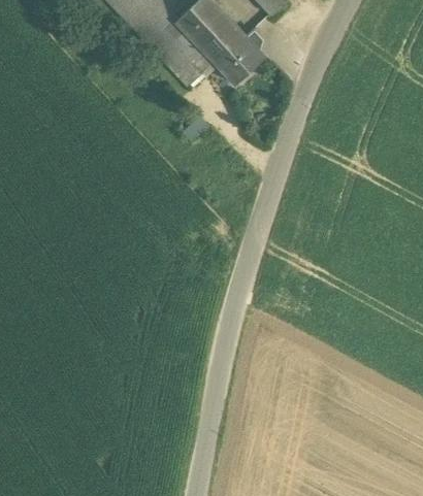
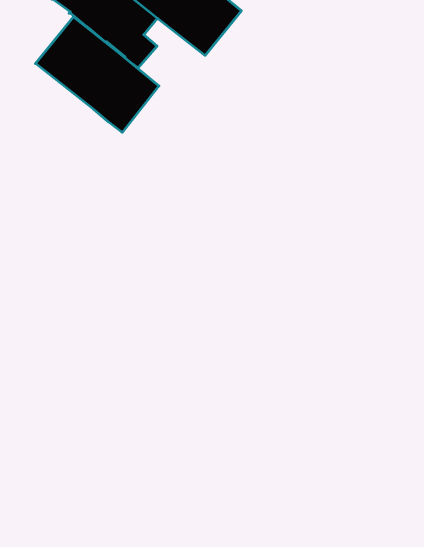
building: none -> [35,17,159,132]

